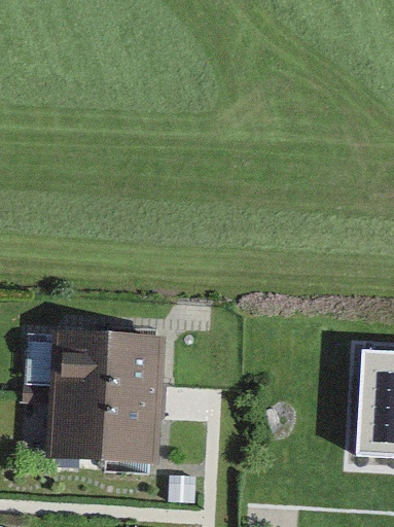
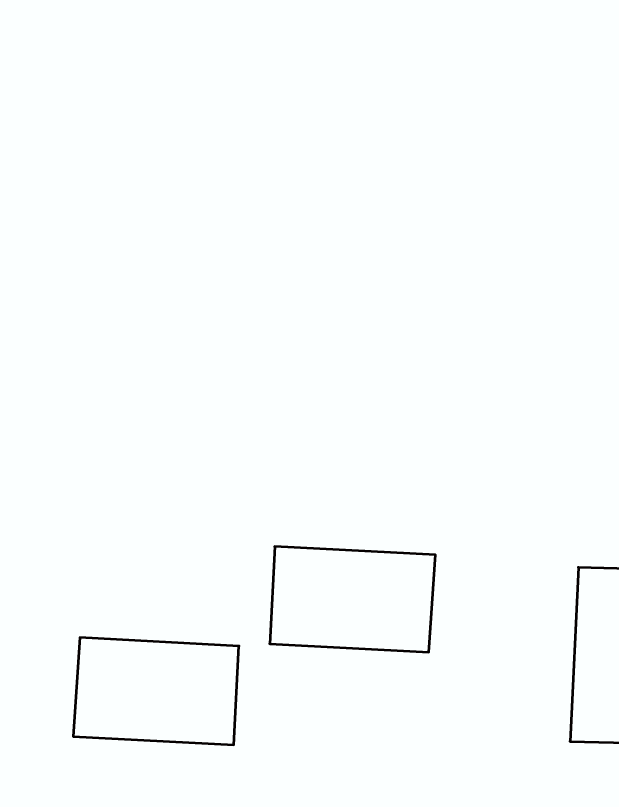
building: [57,332,158,397] -> [270,547,435,652]

